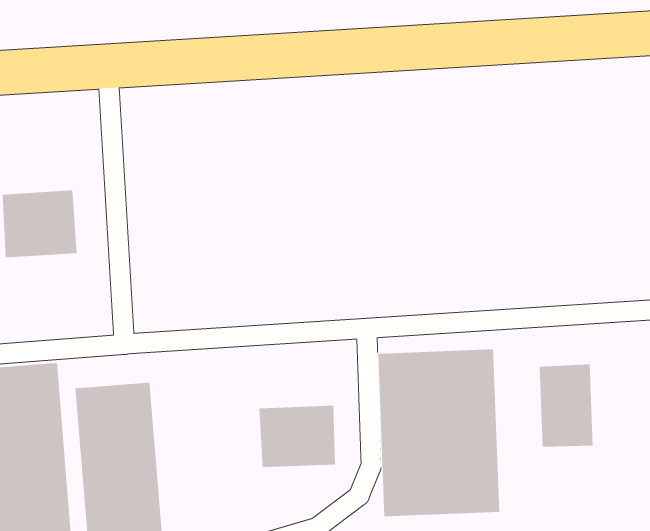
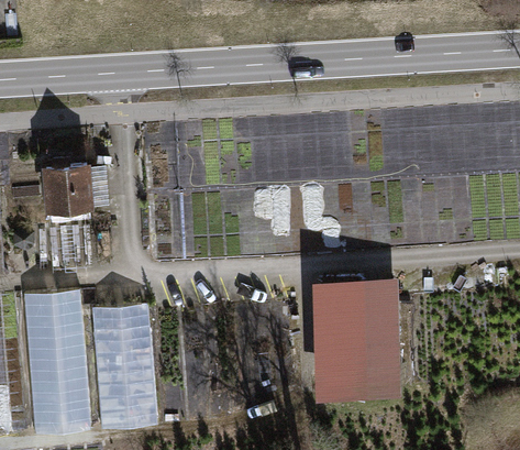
building: [539,363,593,448] -> none
building: [259,405,336,468] -> none

